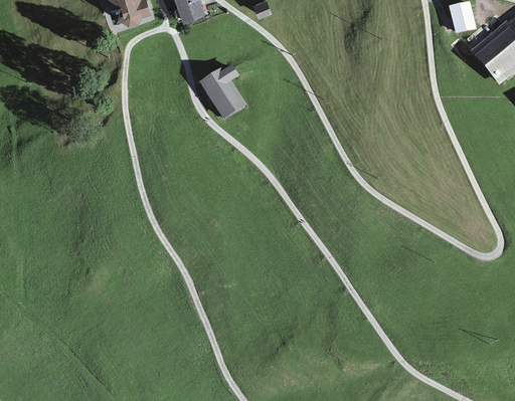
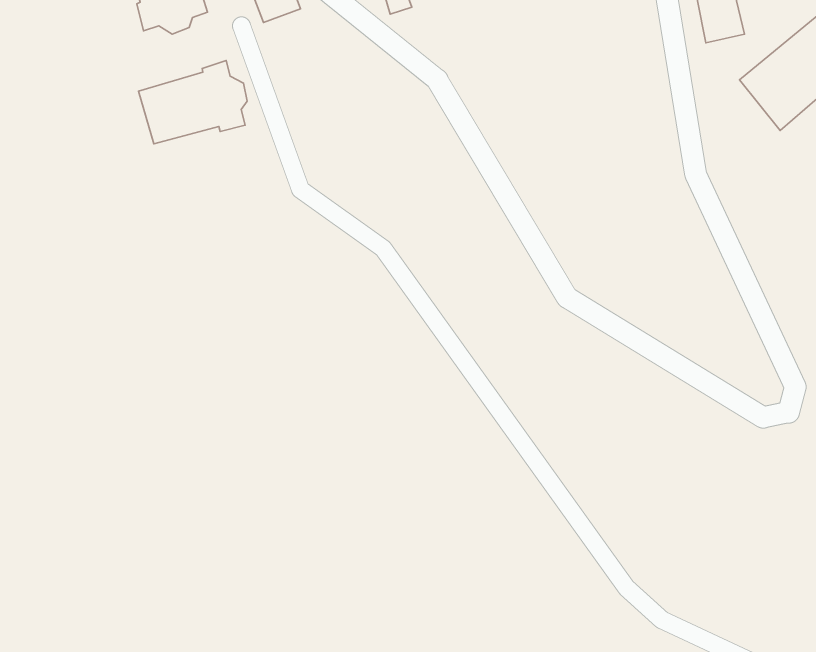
building: none -> [138,60,247,144]
building: [204,65,245,118] -> none

